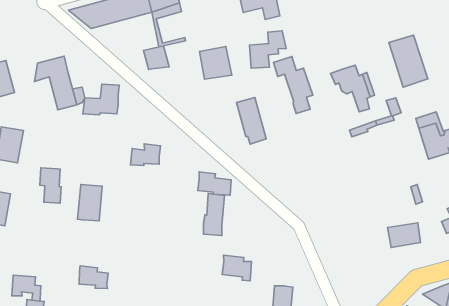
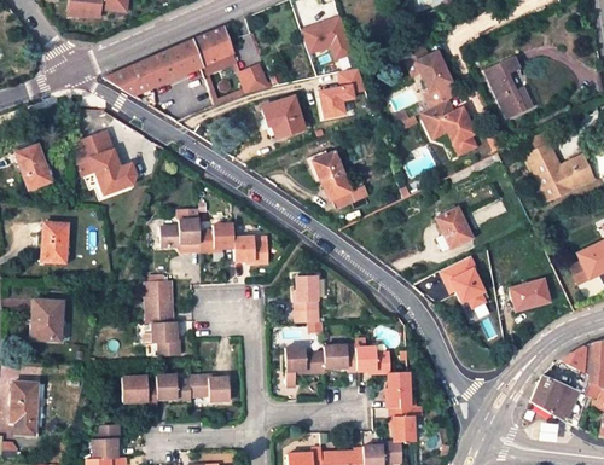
building: [143,46,169,70] -> [238,66,271,97]
building: [273,56,313,114] -> [400,42,451,109]
building: [83,84,119,115] -> [159,208,199,246]
building: none -> [439,210,475,249]
building: [40,168,61,203] -> [151,320,179,361]
building: [198,172,231,195] -> [232,237,272,261]
building: none -> [442,257,488,309]
building: none -> [284,344,323,383]
building: none -> [355,347,396,372]
building: none -> [187,372,228,399]
building: [12,275,41,301] -> [121,372,156,400]

